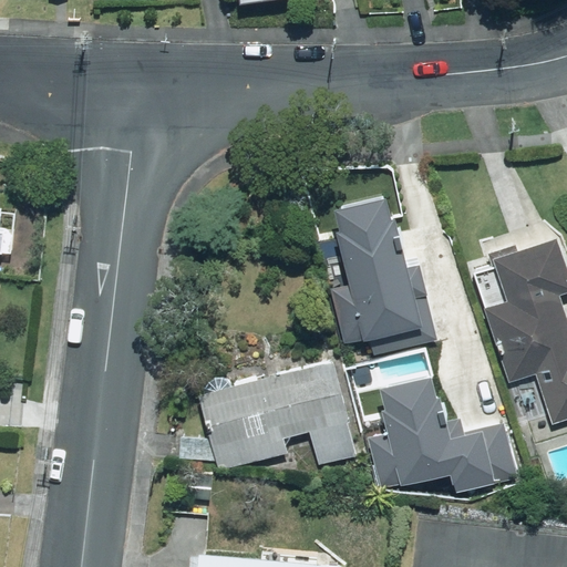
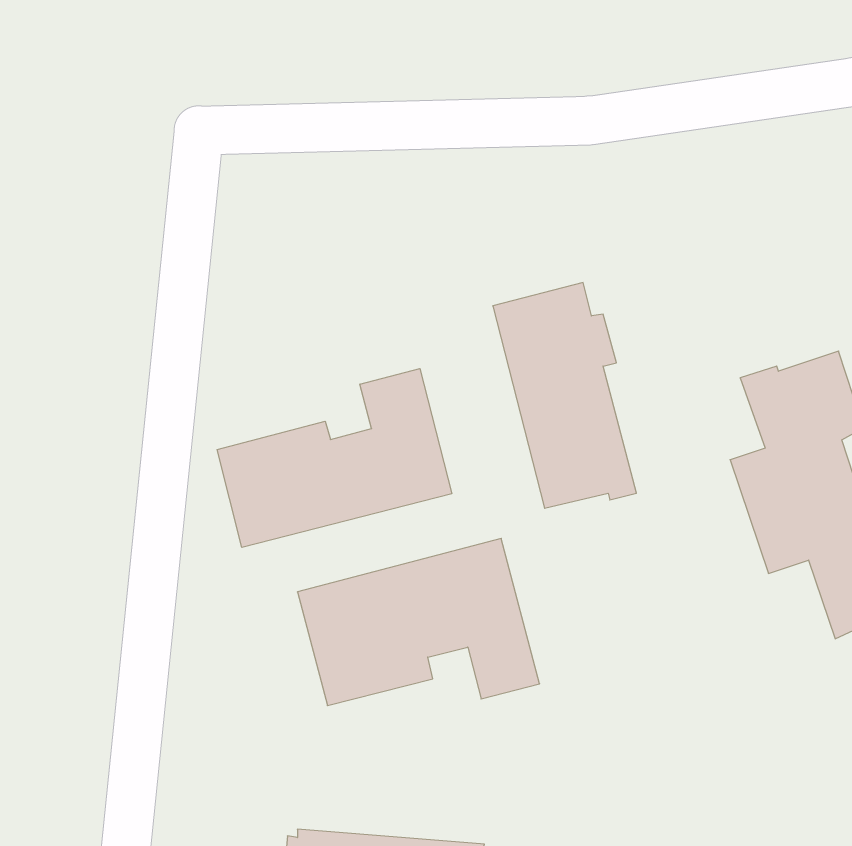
building: none -> [217,369,452,547]
building: [364,372,495,493] -> none

